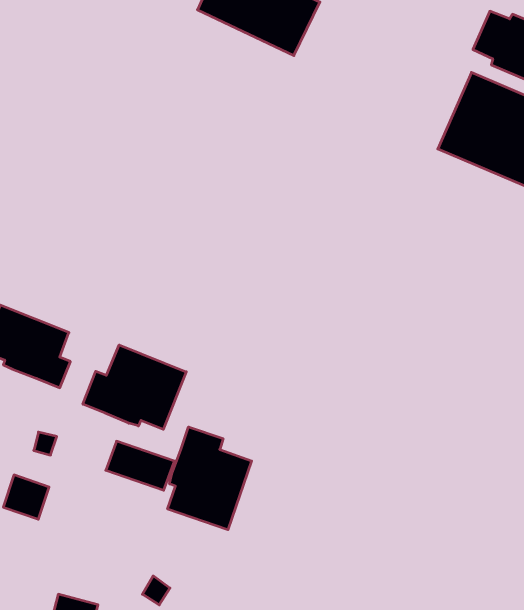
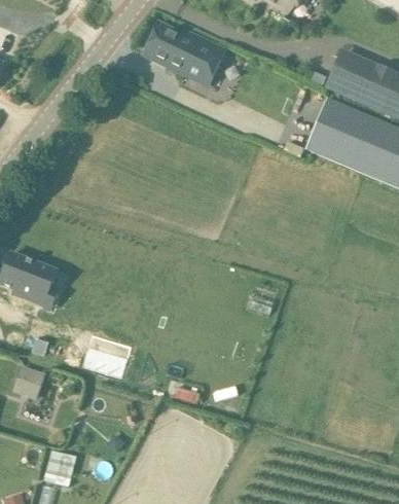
building: [83,345,186,429] -> none
building: [168,427,252,530] -> none

